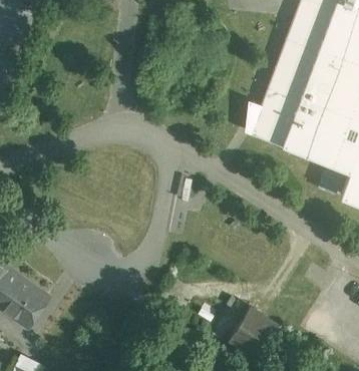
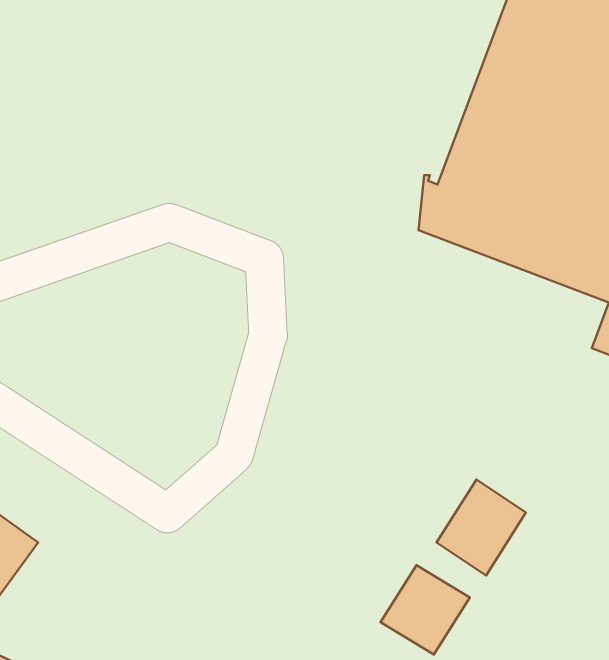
building: none -> [437,480,526,575]

